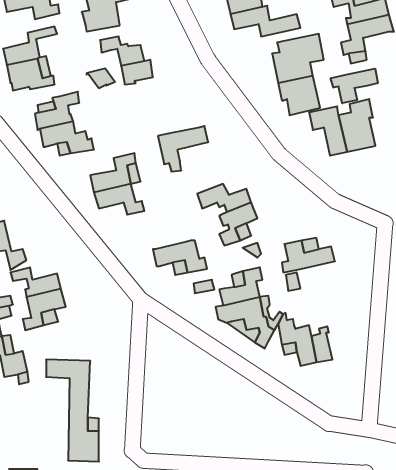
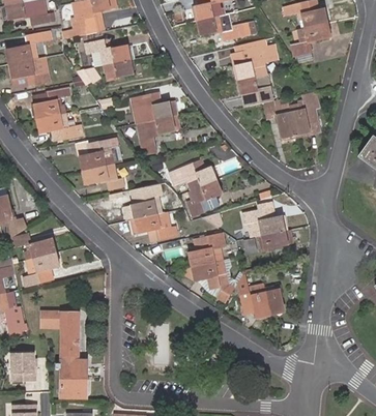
building: [331,69,378,103] -> none
building: none -> [132,95,171,121]
building: none -> [125,185,167,219]
building: none -> [257,229,288,249]
building: none -> [9,352,33,381]

